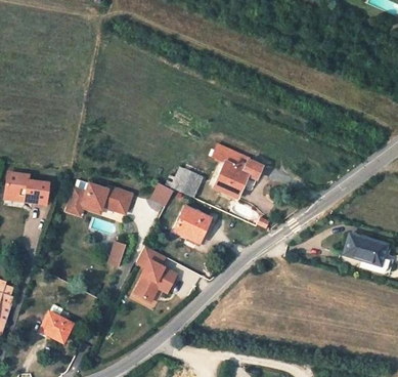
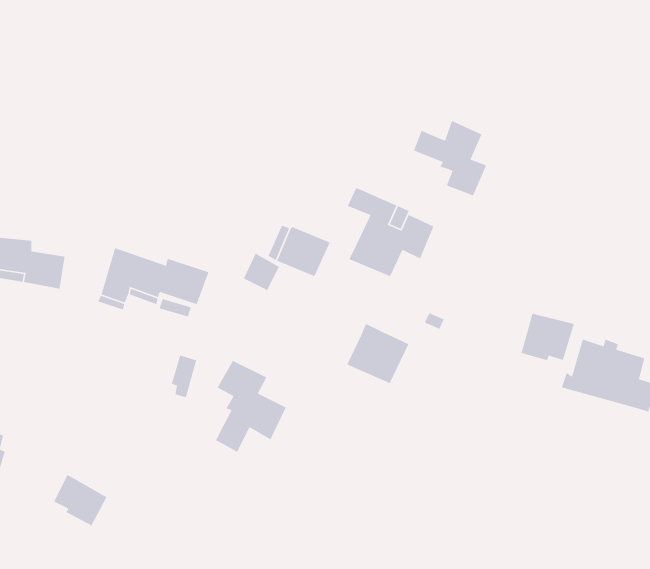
building: none -> [413,120,487,197]
building: [174,206,211,242] -> [346,323,410,384]
building: none -> [521,313,575,361]

